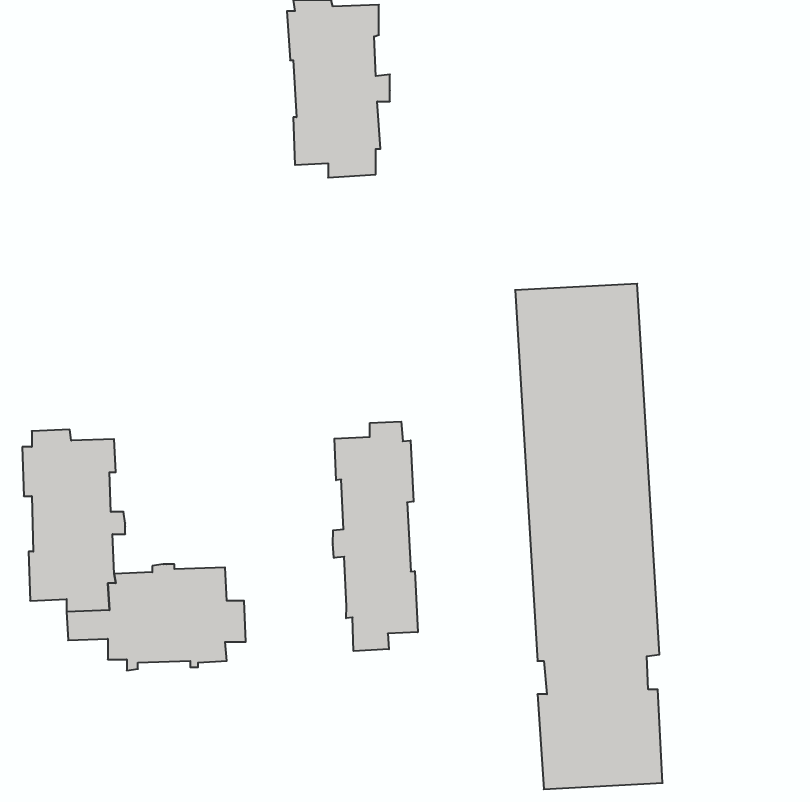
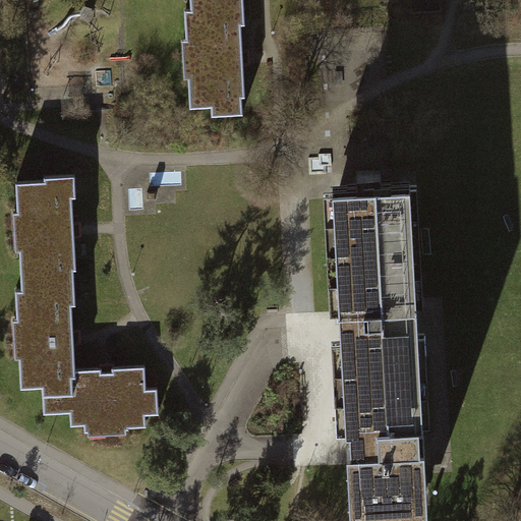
building: none -> [15,178,80,288]
building: [333,422,418,651] -> none

